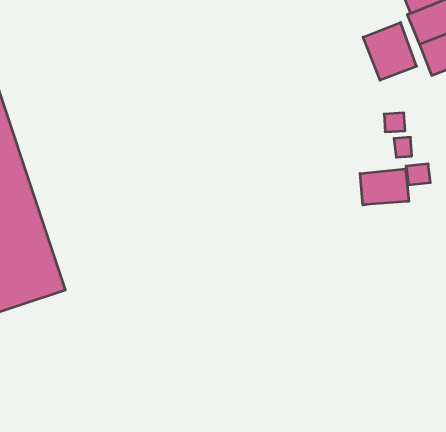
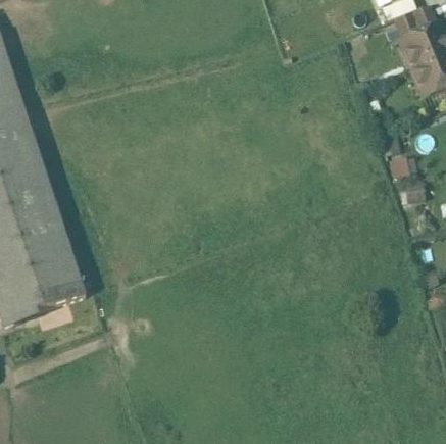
building: [363,22,417,80] -> none
building: [360,169,409,205] -> none

